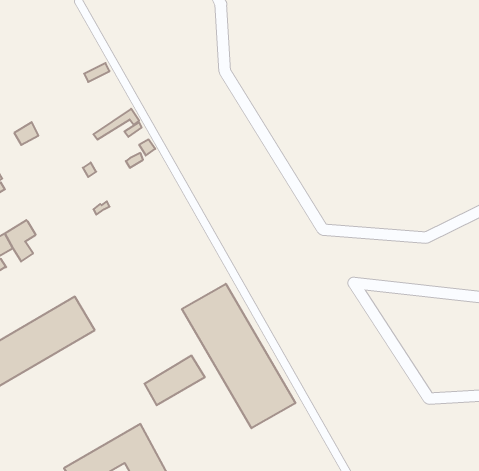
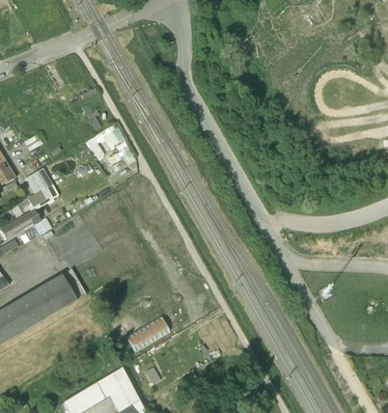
building: none -> [25,170,53,206]
building: [182,284,295,428] -> none

